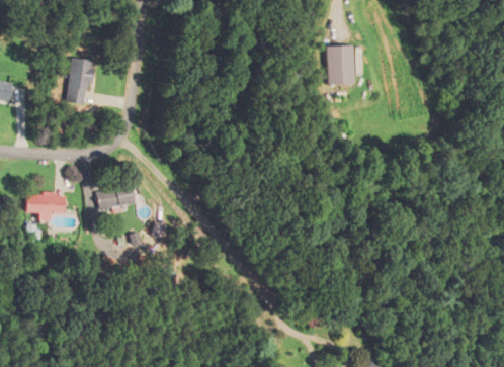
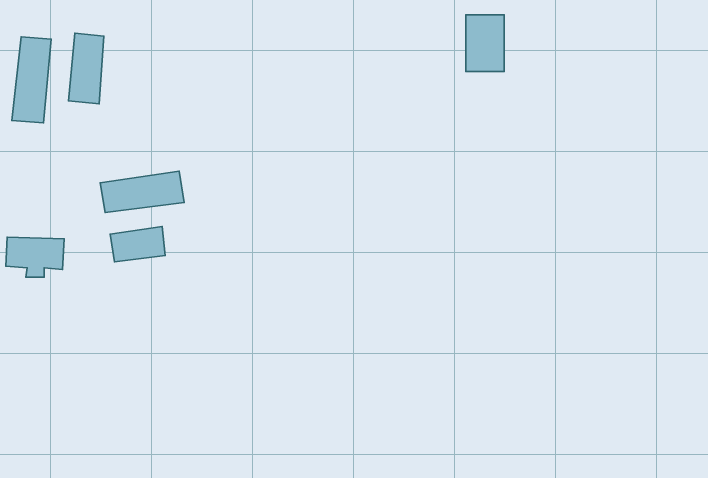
building: none -> [12,37,51,123]
building: none -> [100,171,184,212]

